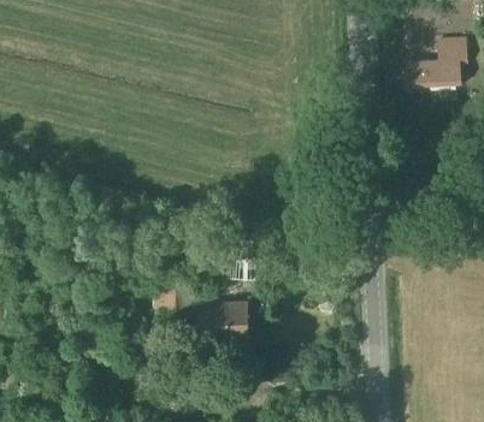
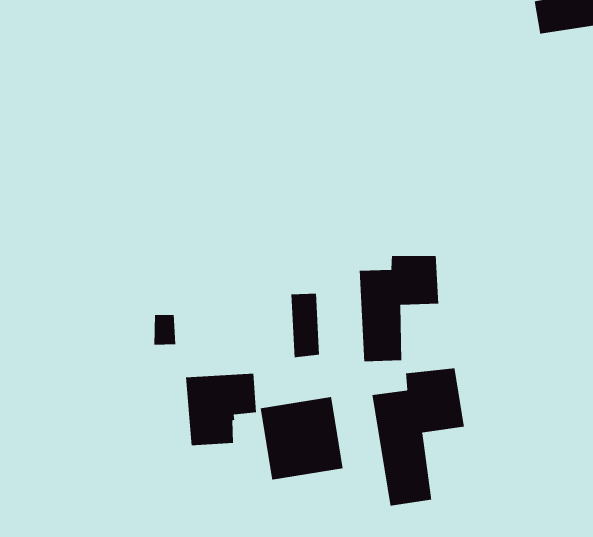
building: none -> [359,255,439,362]
building: none -> [372,367,464,507]

